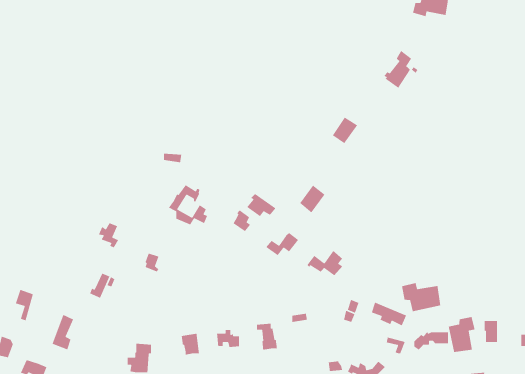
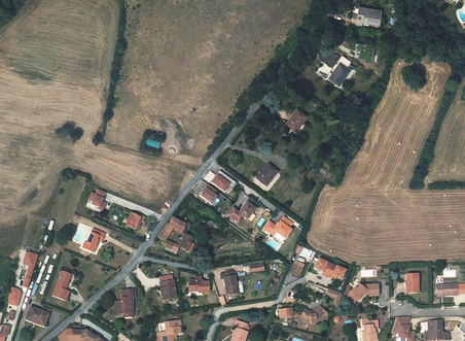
building: [168,184,208,226] -> [160,218,193,252]
building: [401,282,441,312] -> none
building: [448,316,476,353] -> none

